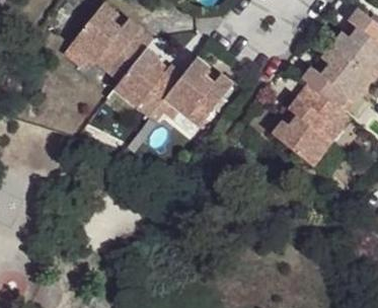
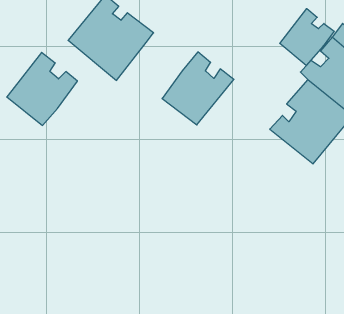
building: none -> [280,9,334,66]
building: [117,47,184,117] -> [7,52,77,125]

